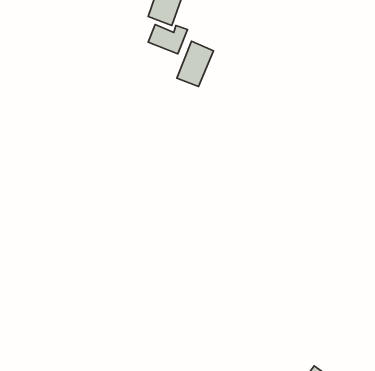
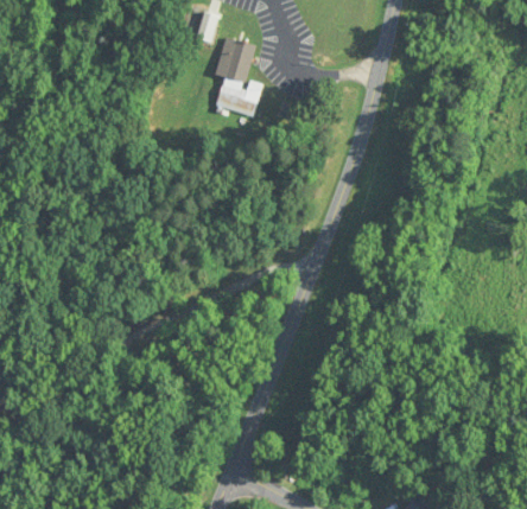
building: [177,41,213,86] -> none

